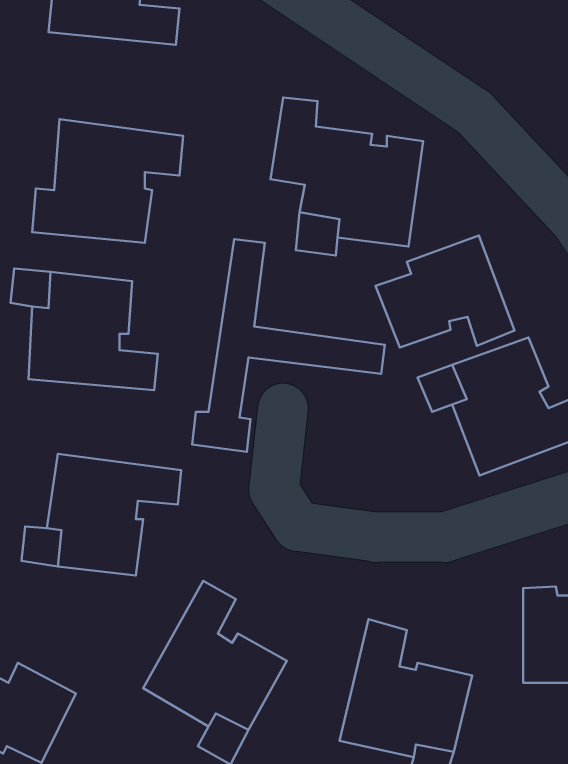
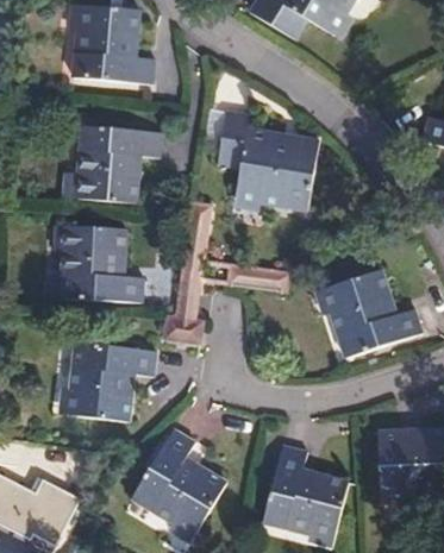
building: [376,235,514,347] -> none

